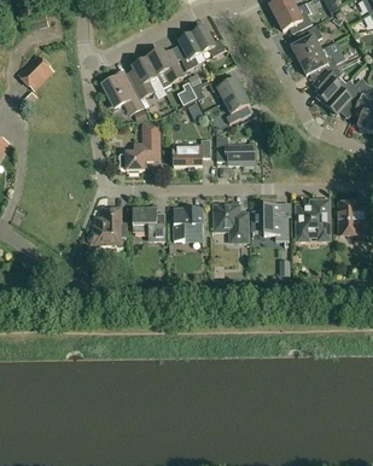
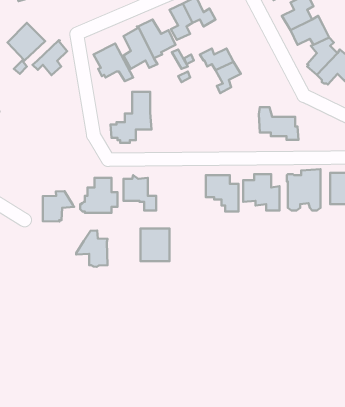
building: none -> [32,40,67,75]
building: [216,135,256,168] -> [259,107,299,140]
building: [174,139,211,167] -> none
building: [174,208,203,240] -> [141,228,170,261]
building: none -> [43,191,74,222]
building: none -> [76,231,108,267]

